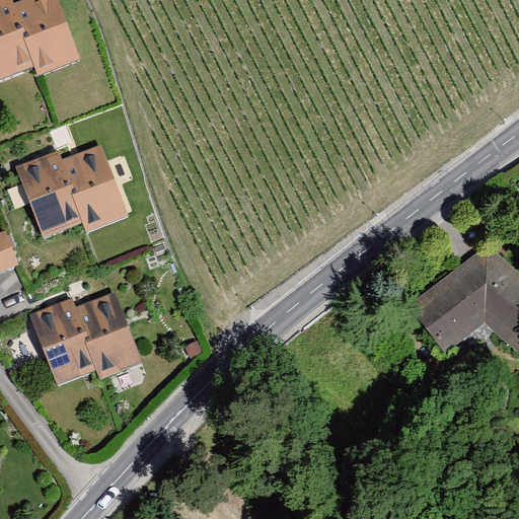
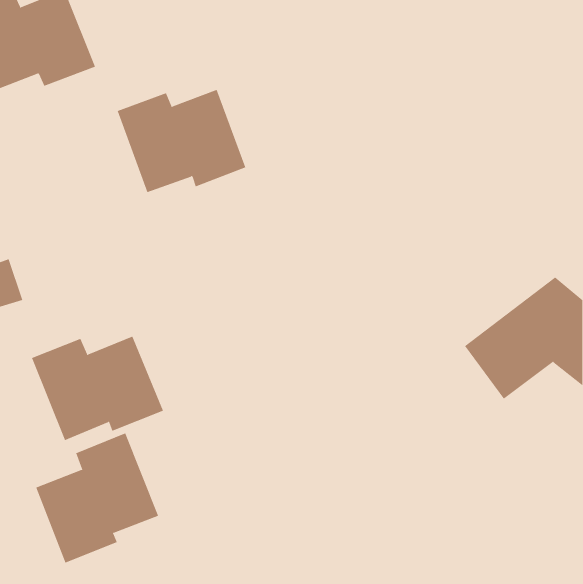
building: [15,148,129,239] -> [117,89,246,193]
building: none -> [36,432,159,564]

